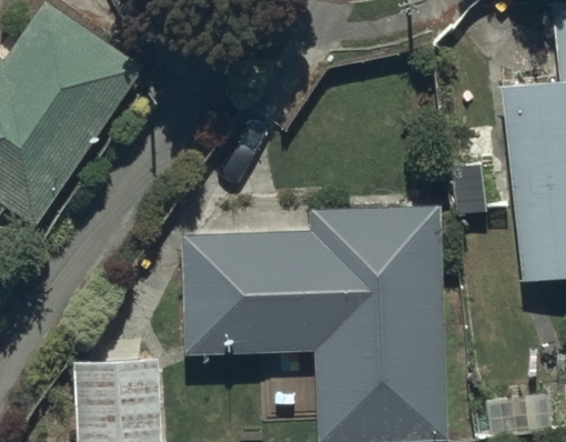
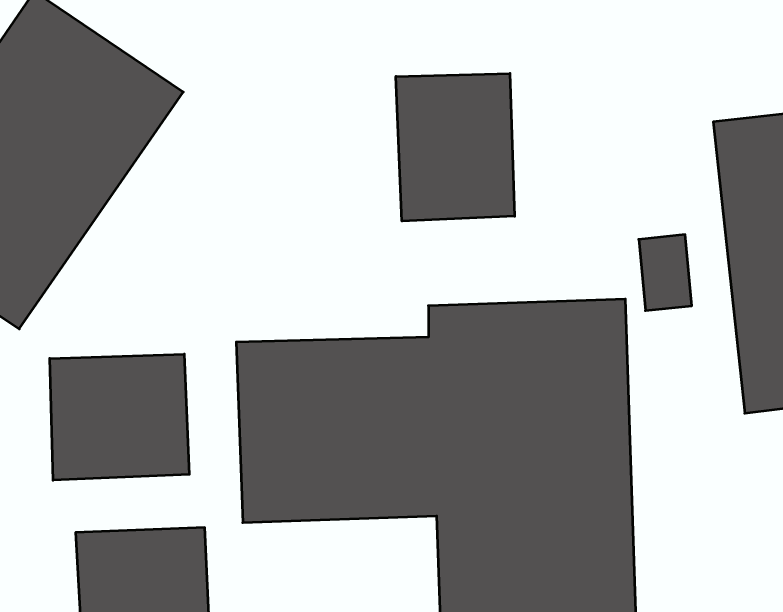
building: none -> [396,73,515,221]
building: none -> [50,354,189,480]

